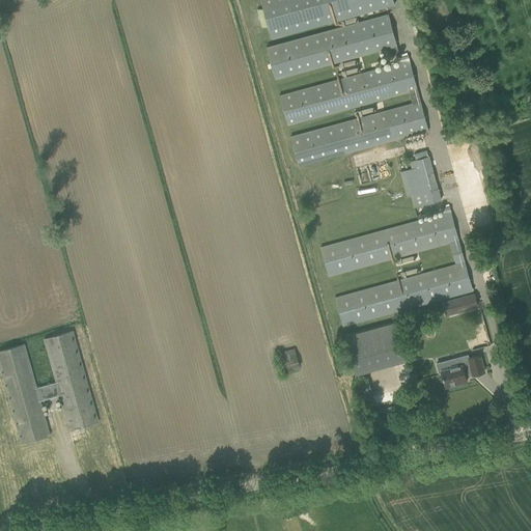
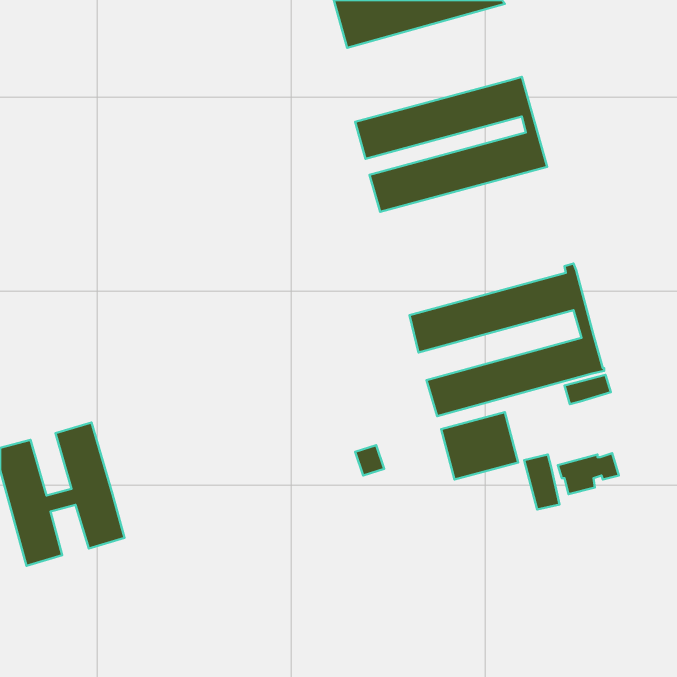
building: [267,13,400,79] -> none
building: [404,156,441,206] -> none
building: none -> [524,455,559,509]

